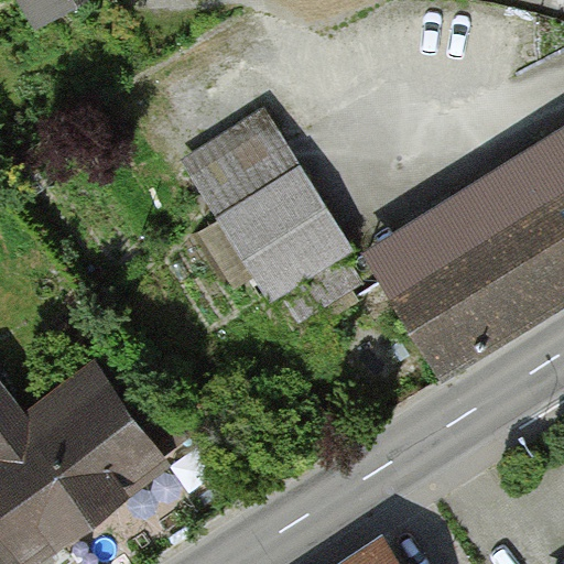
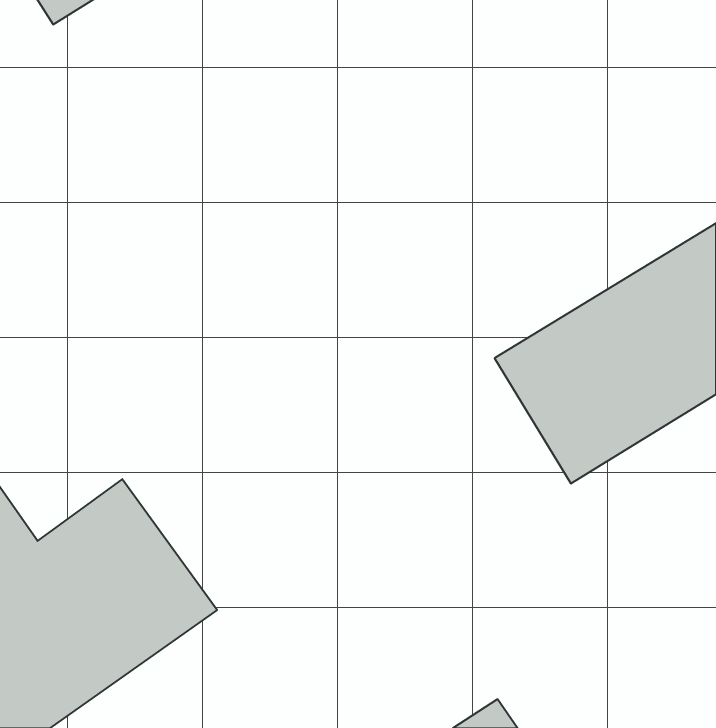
building: [185,108,352,323] -> none

